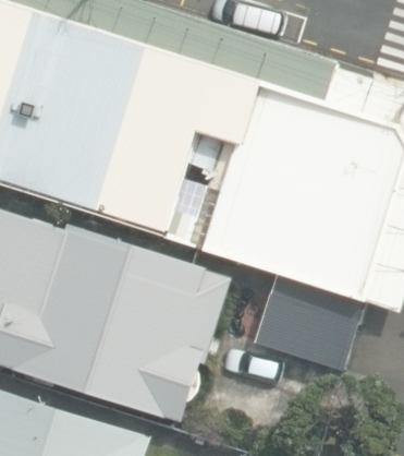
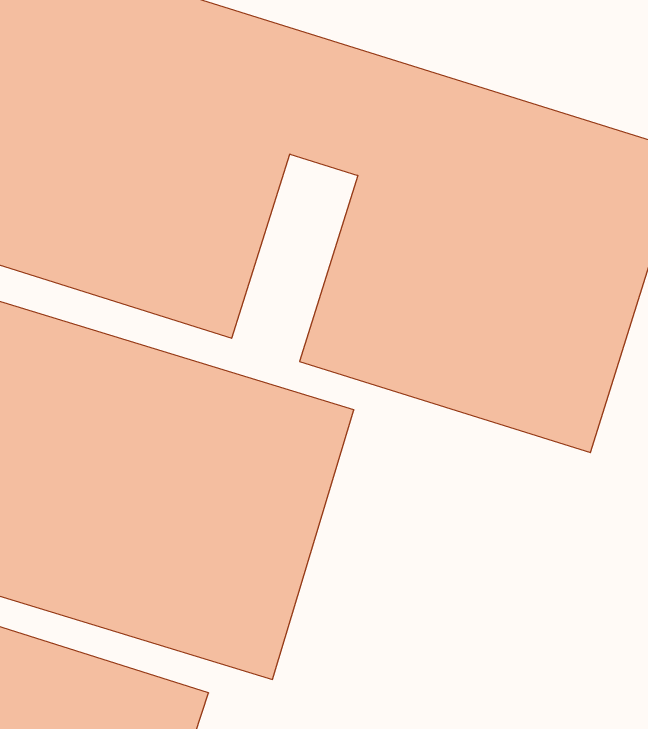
building: [253,275,363,371] -> none

